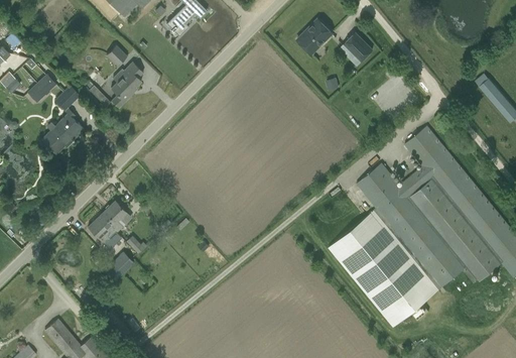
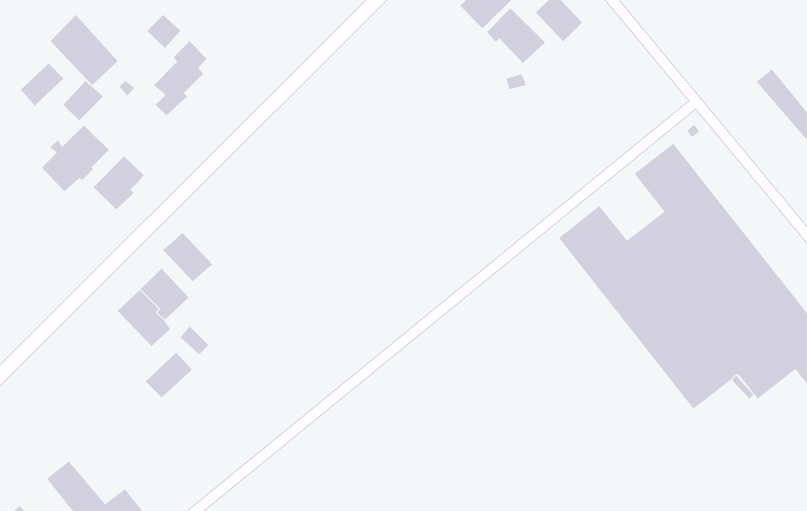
building: none -> [486,7,546,64]
building: none -> [50,14,118,86]
building: none -> [93,156,144,210]
building: none -> [162,232,213,282]
building: [330,210,438,328] -> none

